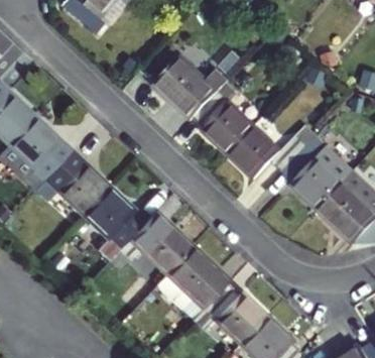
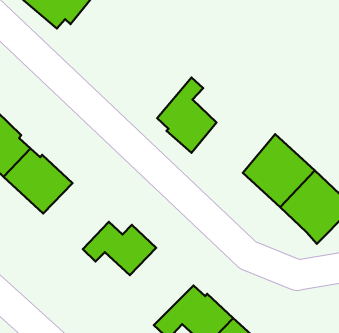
building: [153,48,224,122] -> none
building: [224,124,304,178] -> none
building: [81,183,144,246] -> none
building: [150,245,228,320] -> none

